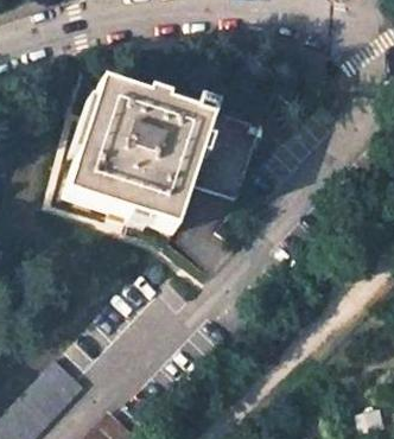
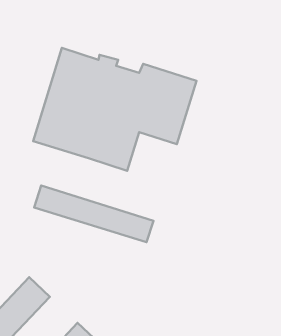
building: none -> [34,186,154,242]

